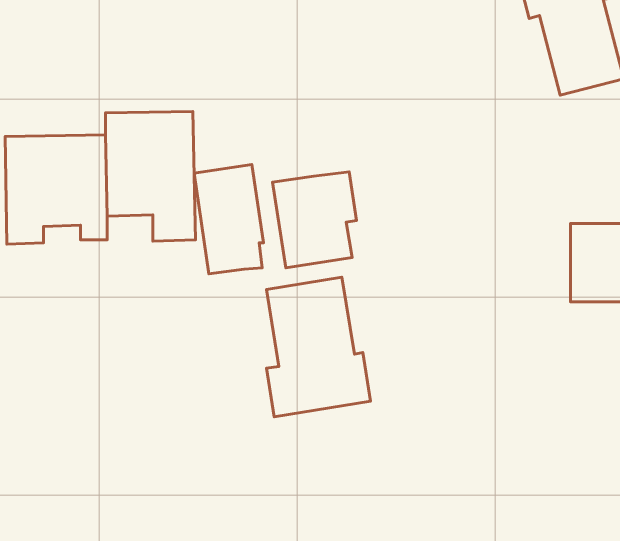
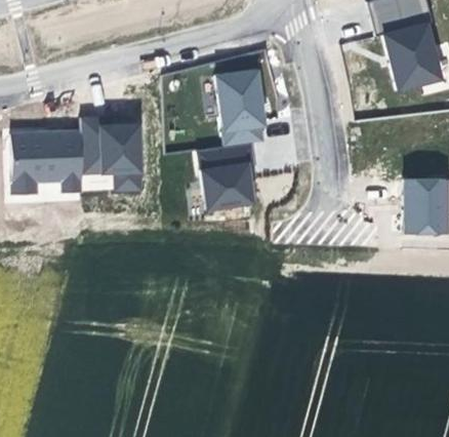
building: [194,164,264,274] -> [216,71,264,147]
building: [266,277,371,417] -> none

